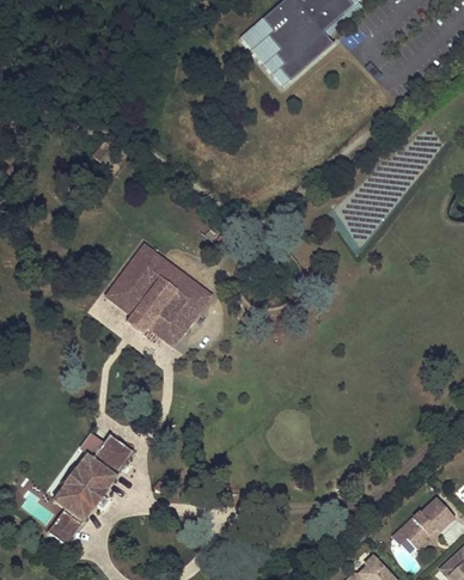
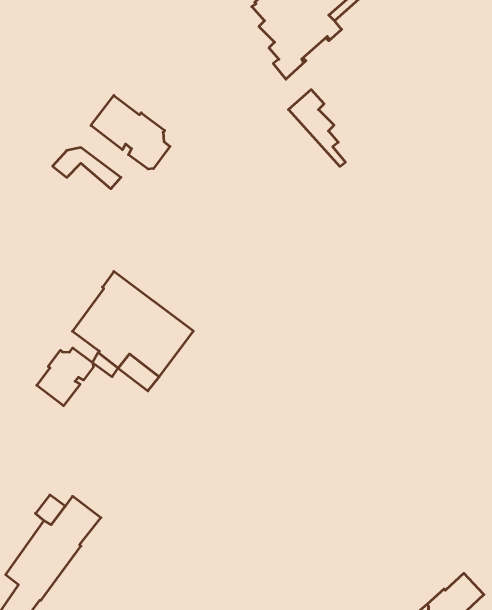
building: [240,22,288,86] -> [288,90,345,166]
building: none -> [91,95,170,169]
building: none -> [37,348,93,406]

